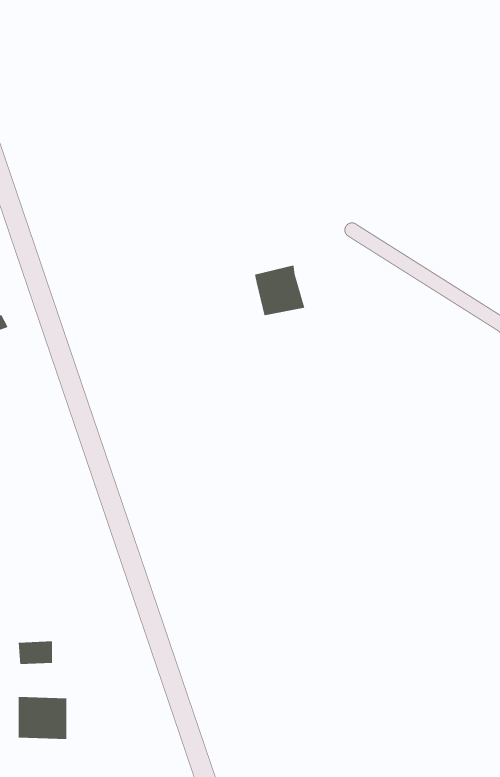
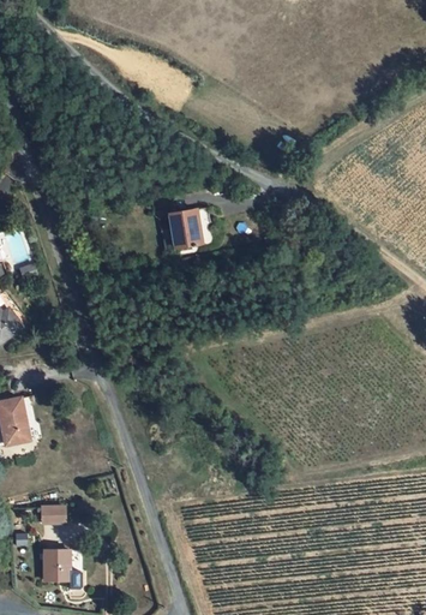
building: [254,265,305,316] -> [168,209,206,247]

